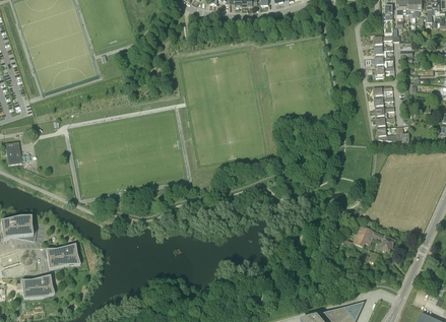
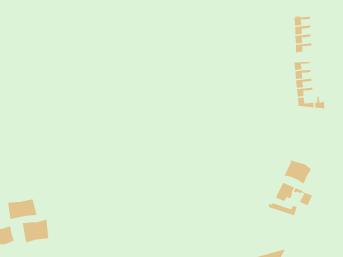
building: none -> [283,160,312,185]
building: none -> [22,219,49,243]

